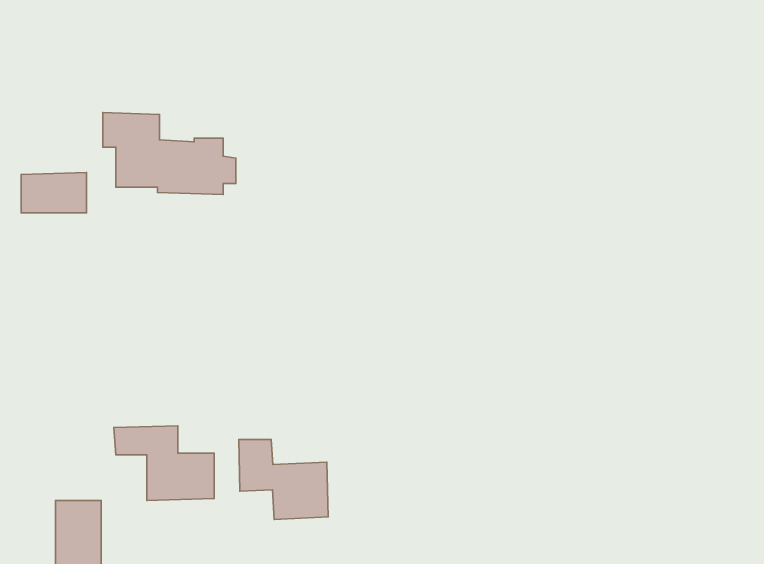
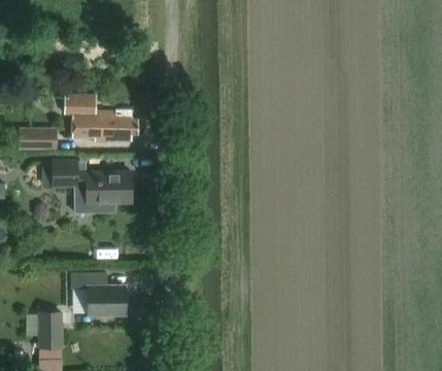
building: none -> [54,162,132,213]
building: [239,439,328,519] -> none

